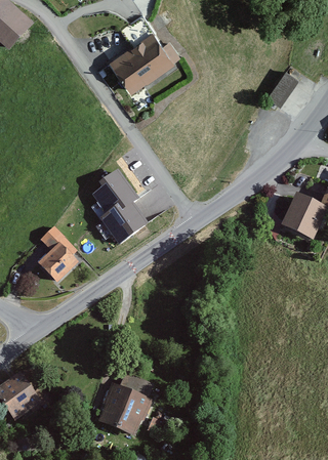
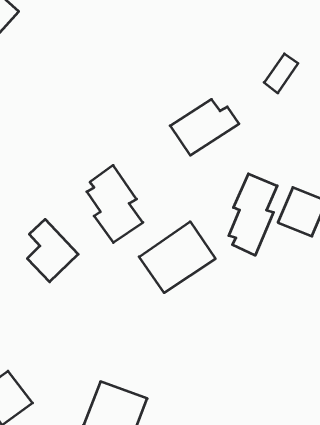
building: [112,36,178,90] -> [170,99,239,155]
building: none -> [229,174,277,255]
building: none -> [139,222,215,293]

